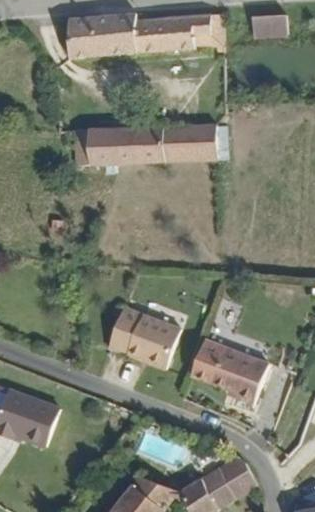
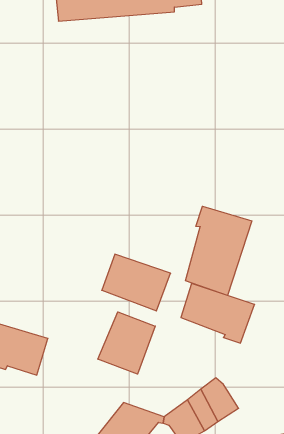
building: [69,128,211,169] -> none
building: none -> [186,206,252,295]
building: none -> [98,312,155,374]

